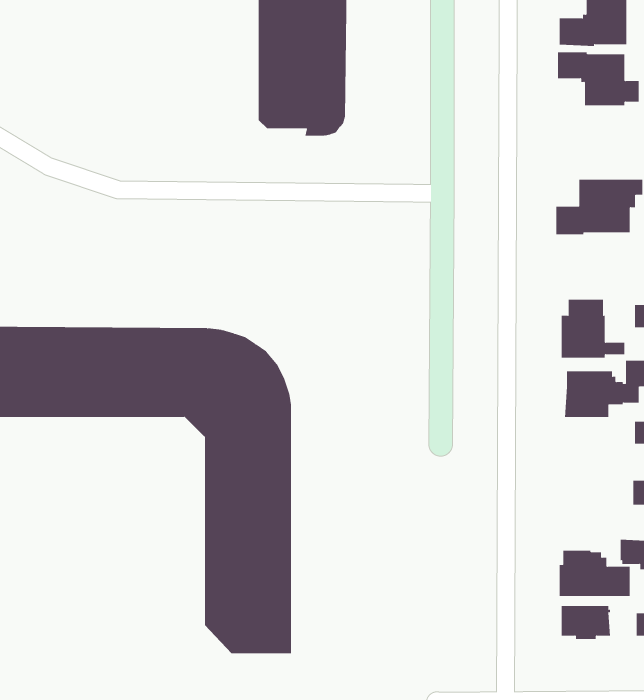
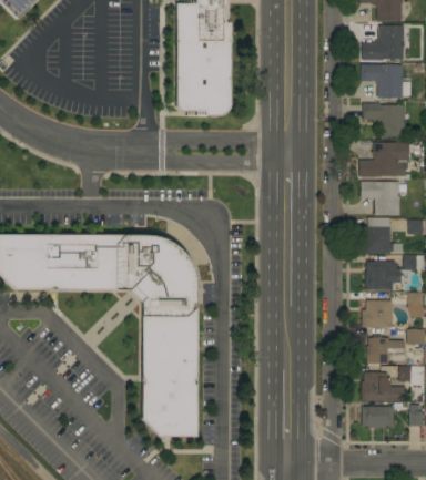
building: none -> [363,103,406,136]
building: none -> [361,182,399,215]
building: none -> [362,300,393,328]
building: none -> [367,338,405,364]

